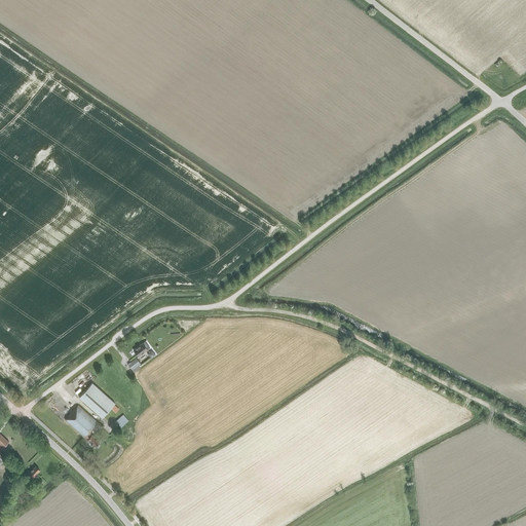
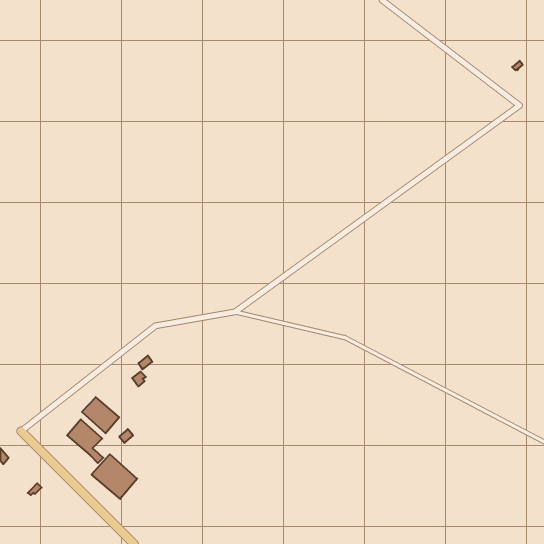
building: none -> [92,454,137,499]

